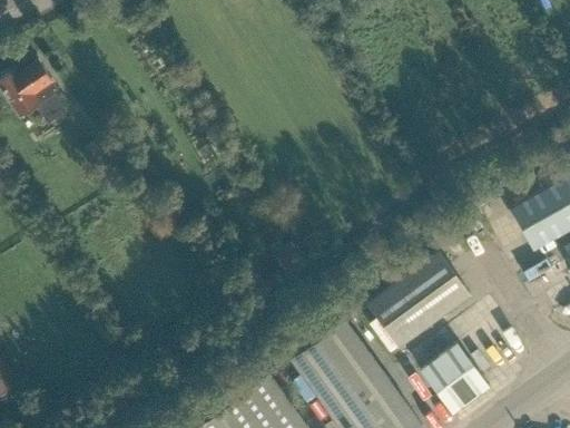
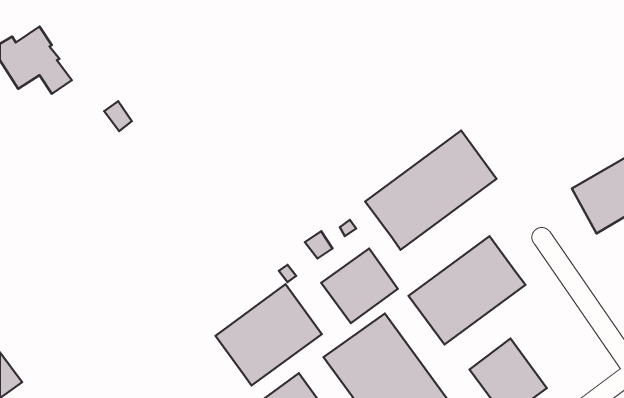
building: none -> [365,131,496,250]
building: none -> [321,248,398,323]
building: none -> [215,284,322,386]

